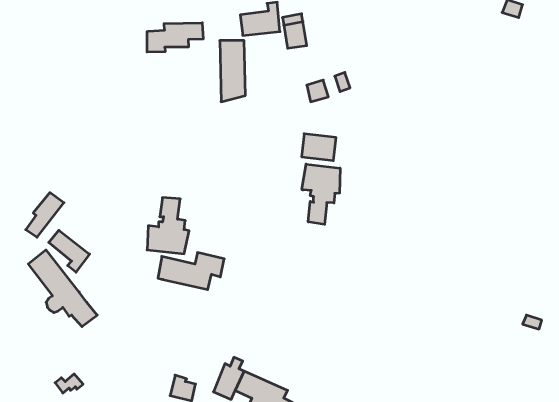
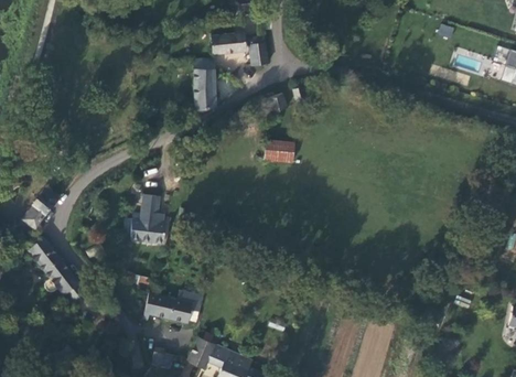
building: [147,23,203,52] -> none
building: [302,164,340,224] -> none
building: [49,230,90,272] -> none
building: [158,253,224,290] -> [144,290,202,322]

